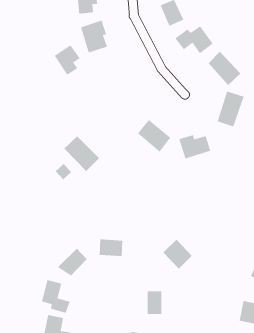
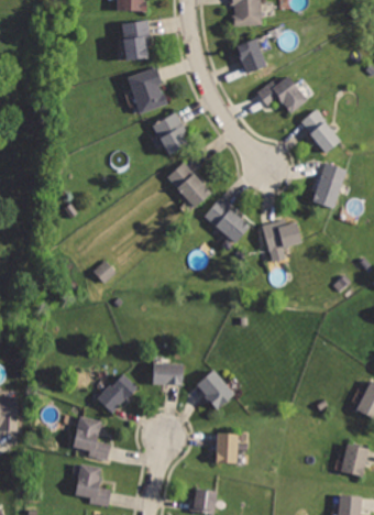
building: [54,44,81,75] -> [151,111,187,153]
building: [63,135,100,172] -> [163,160,212,209]
building: [163,239,193,270] -> [195,369,235,410]

